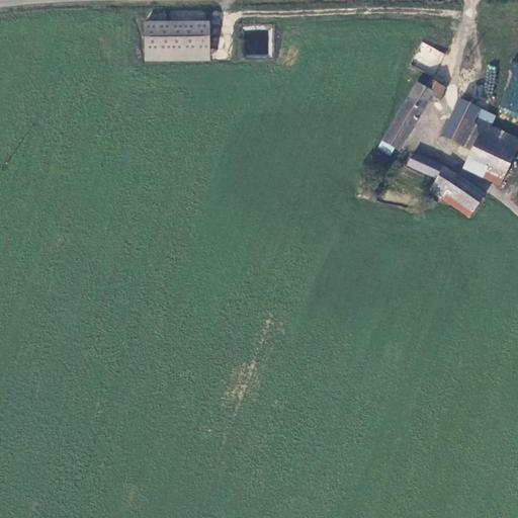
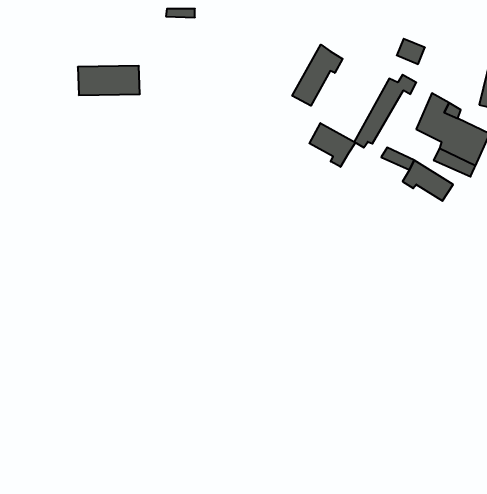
building: [146,22,210,53] -> [78,66,140,95]
building: none -> [292,45,343,106]
building: none -> [309,123,355,167]

